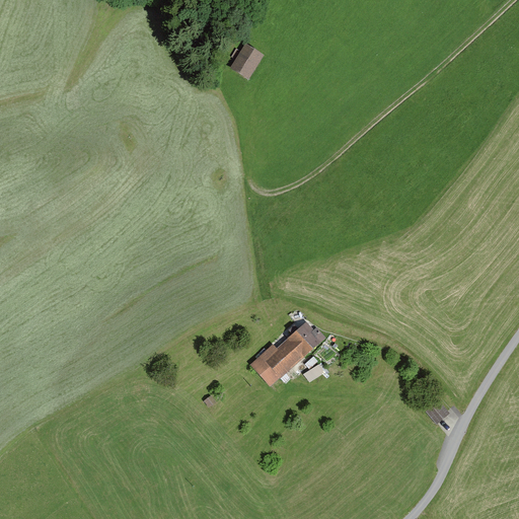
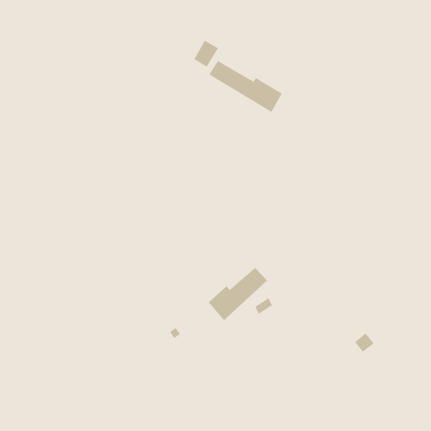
building: none -> [209,60,282,113]

